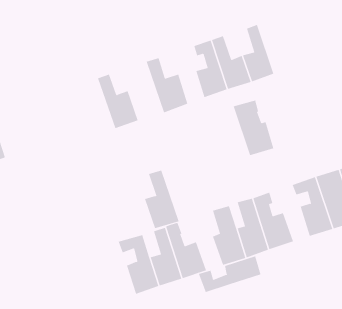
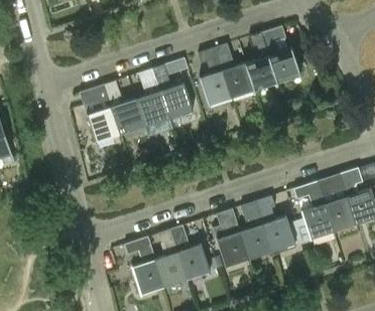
building: none -> [80,85,121,142]
building: [233,100,274,156] -> [260,26,300,81]
building: [144,170,179,229] -> [134,68,168,126]
building: [198,256,261,293] -> none

